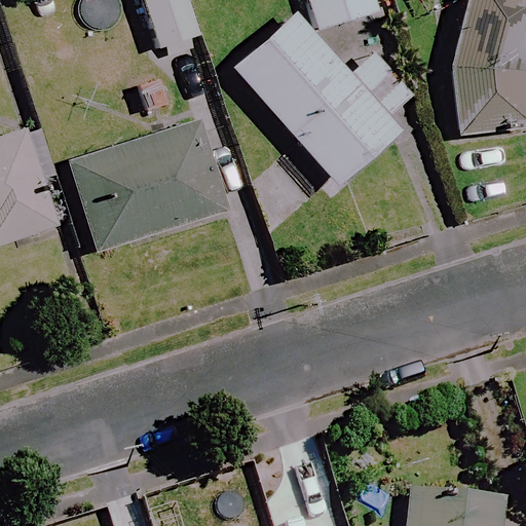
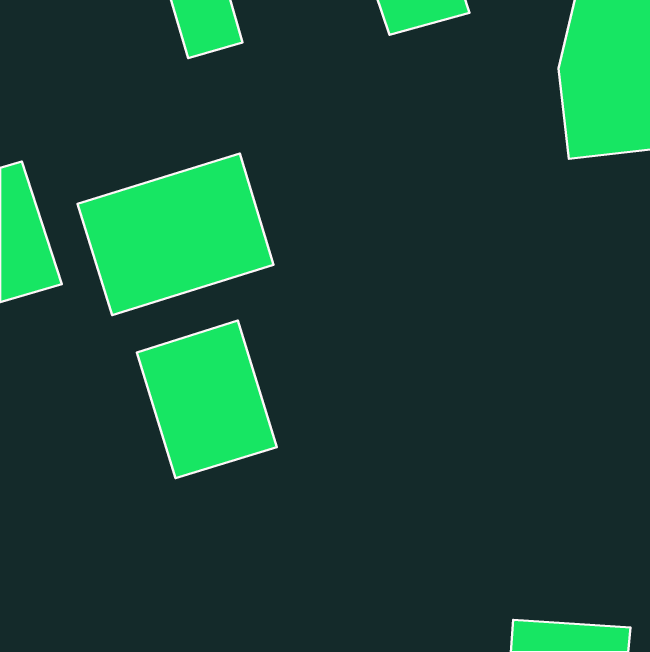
building: [233,13,411,185] -> none
building: none -> [137,321,277,478]

